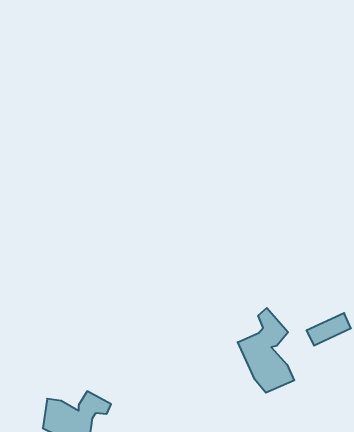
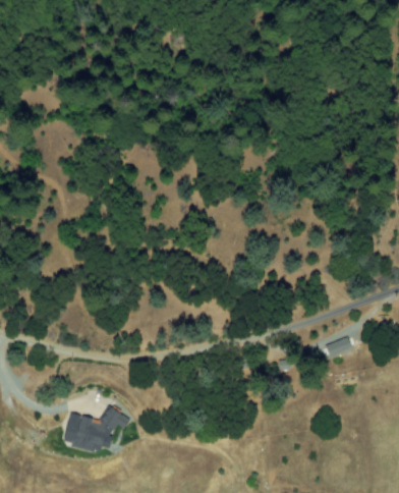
building: [238,308,294,393] -> none

